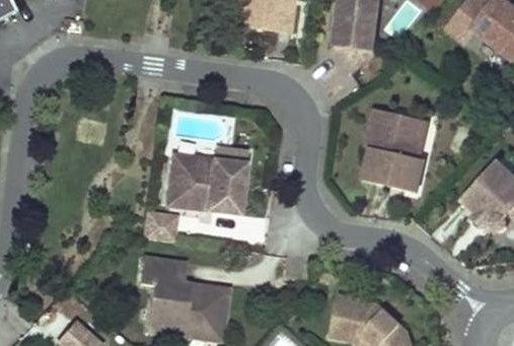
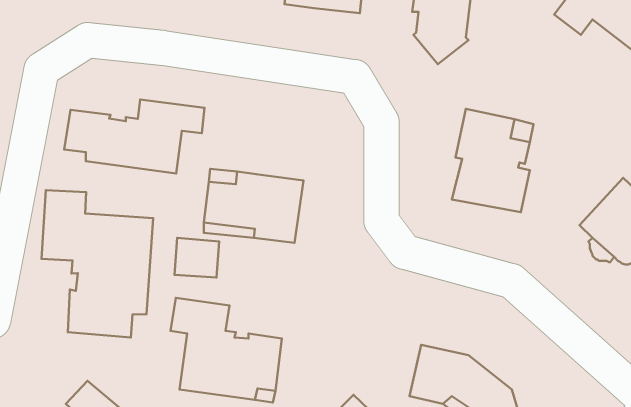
building: none -> [64,99,205,173]
building: none -> [42,190,153,337]

